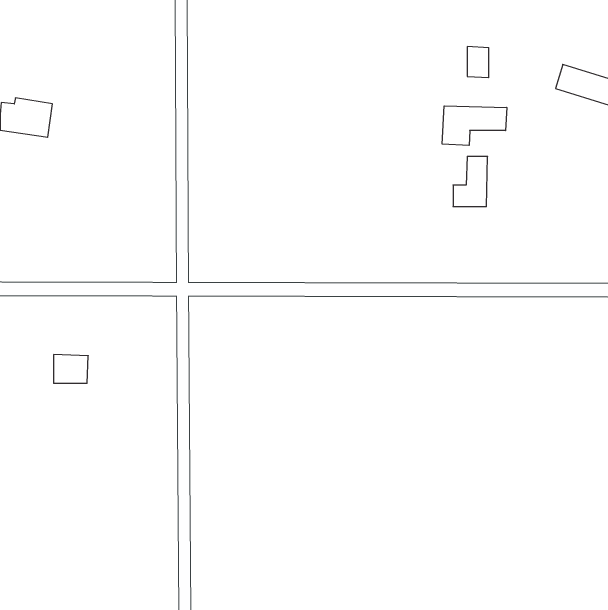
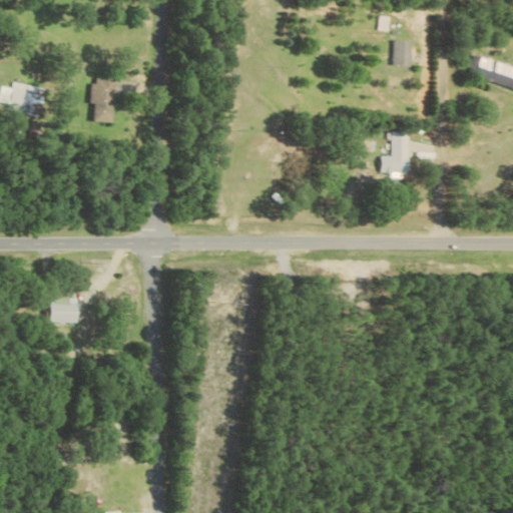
building: none -> [92,78,116,122]
building: [442,106,507,145] -> none

